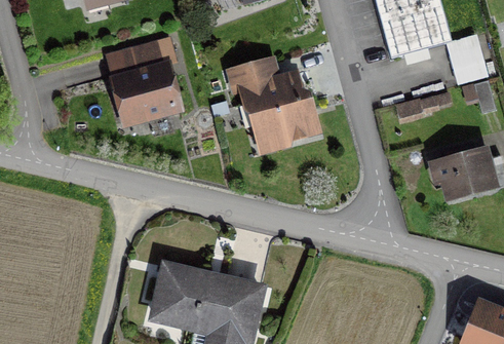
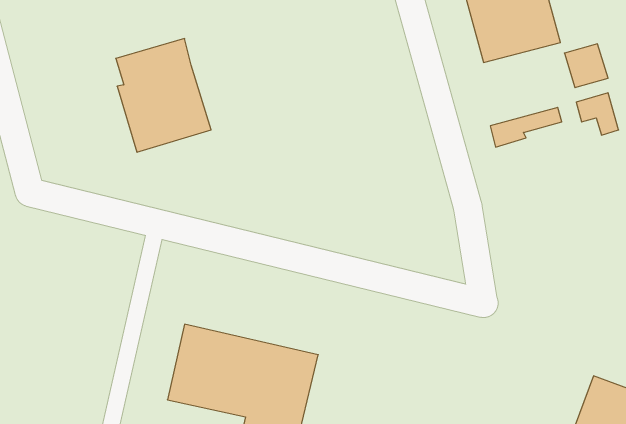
building: [230,55,318,154] -> none
building: [430,147,498,203] -> none

